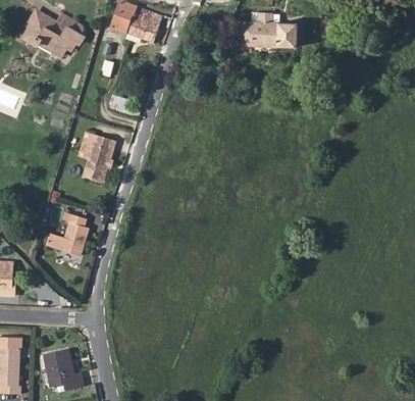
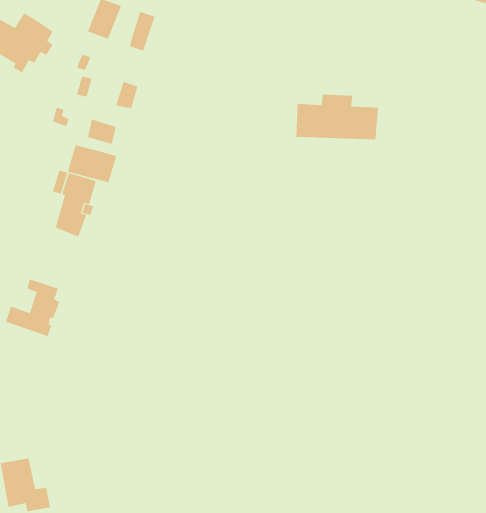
building: [126,7,149,38] -> none
building: [235,13,298,48] -> [295,94,379,140]
building: none -> [67,144,117,183]

